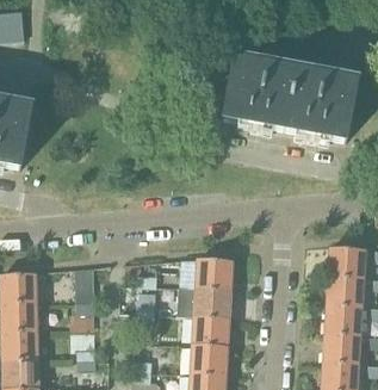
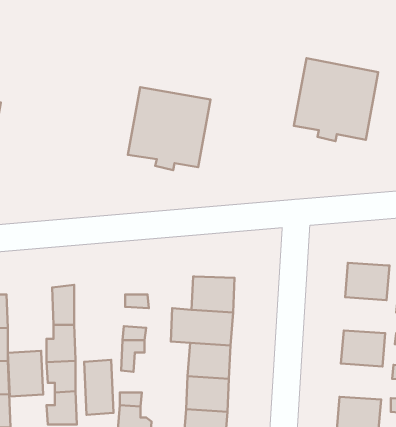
building: [223,60,295,131] -> [128,87,211,170]
building: [327,277,364,308] -> none
building: none -> [8,351,43,396]
building: none -> [84,360,114,415]
building: [323,334,360,365] -> none

